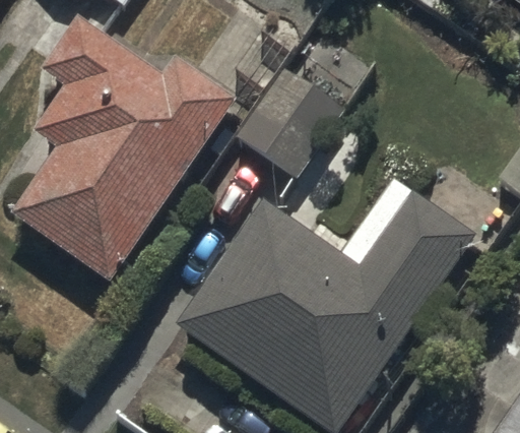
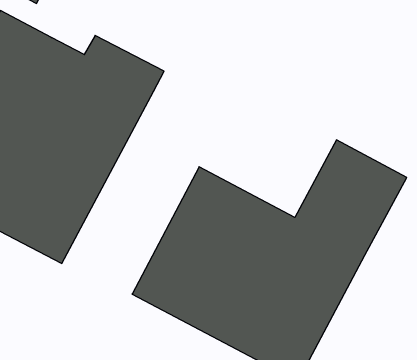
building: [240,65,342,171] -> none

